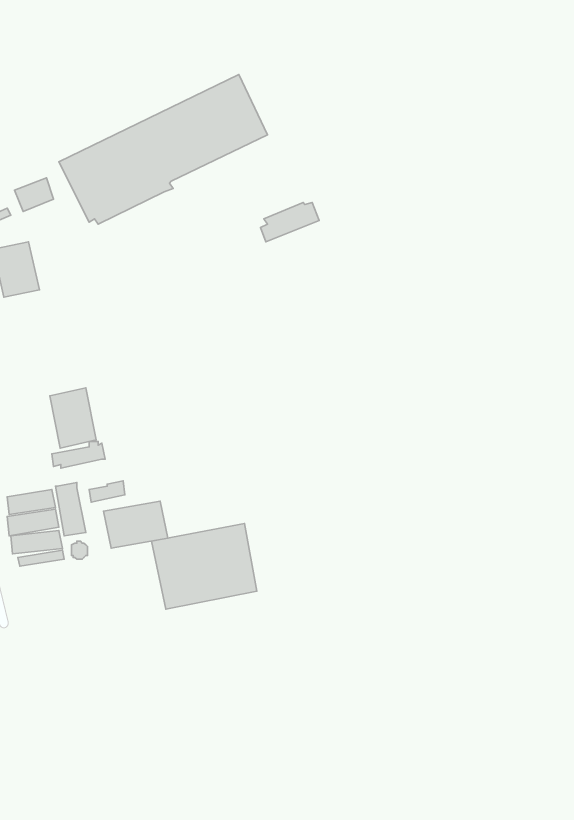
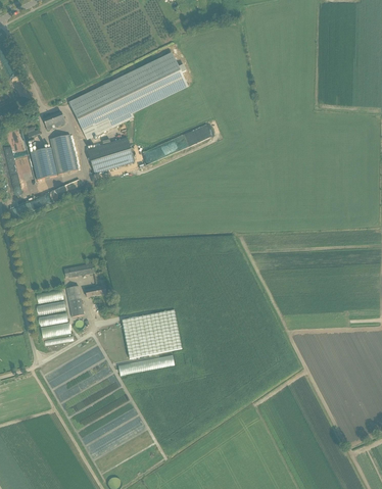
building: none -> [50,134,79,174]
building: none -> [87,137,135,173]
building: [50,388,96,448] -> none
building: [104,501,168,548] -> none

